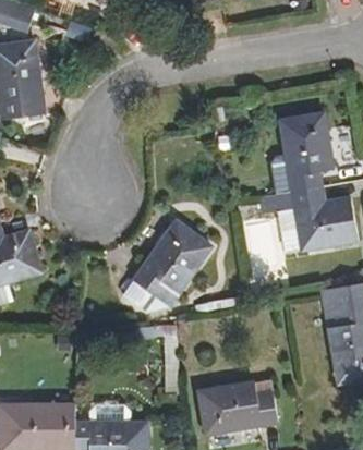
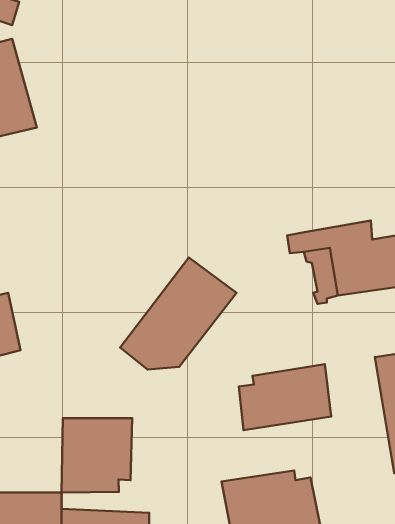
building: [263,114,332,193] -> none
building: none -> [239,364,331,430]
building: none -> [61,418,132,492]

